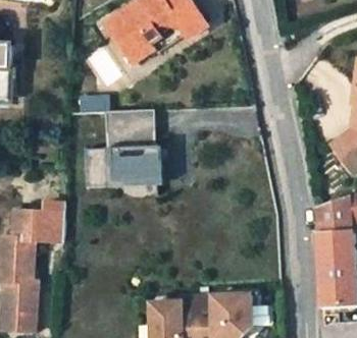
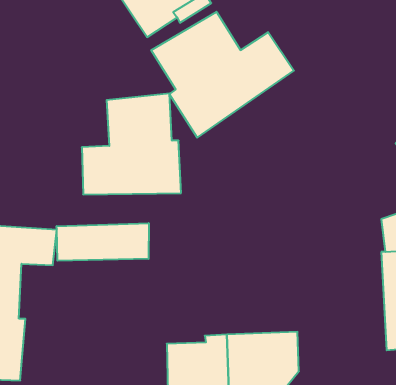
building: none -> [151,12,294,138]
building: none -> [57,223,149,261]

